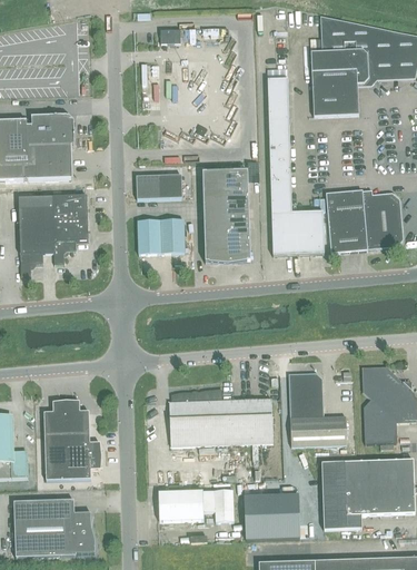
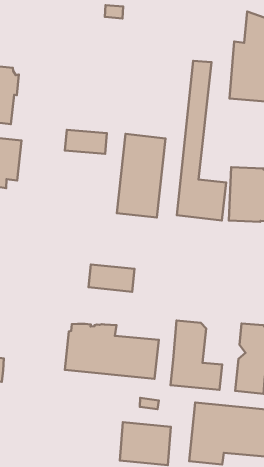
building: [138,218,185,254] -> none
building: none -> [89,264,135,292]
building: [215,489,234,521] -> none
building: [158,490,203,521] -> none

